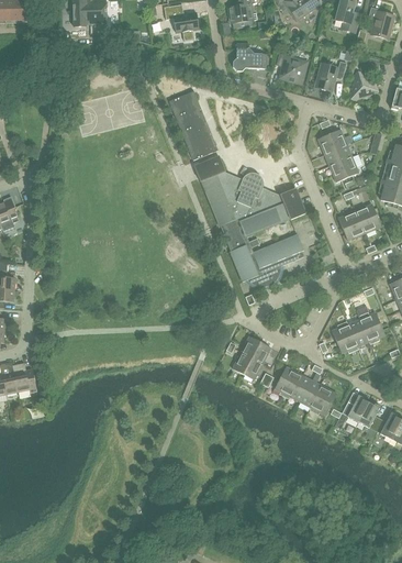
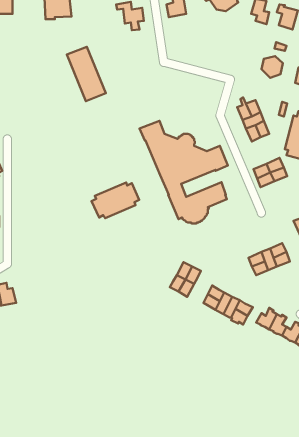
building: [233,43,267,70] -> none
building: [277,51,306,82] -> none
building: [314,60,346,90] -> none
building: [168,90,217,159] -> [67,47,106,101]
building: none -> [91,183,139,218]

